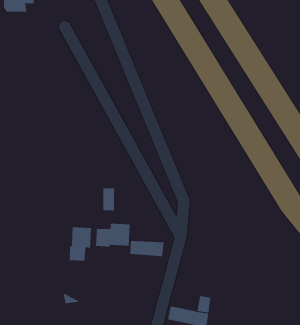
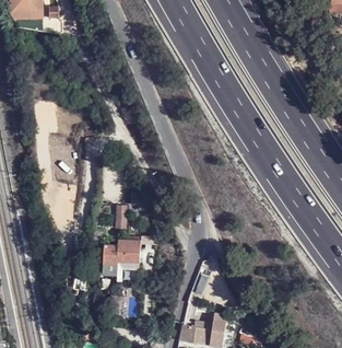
building: [69,227,92,262] -> none
building: [130,240,164,257] -> none

